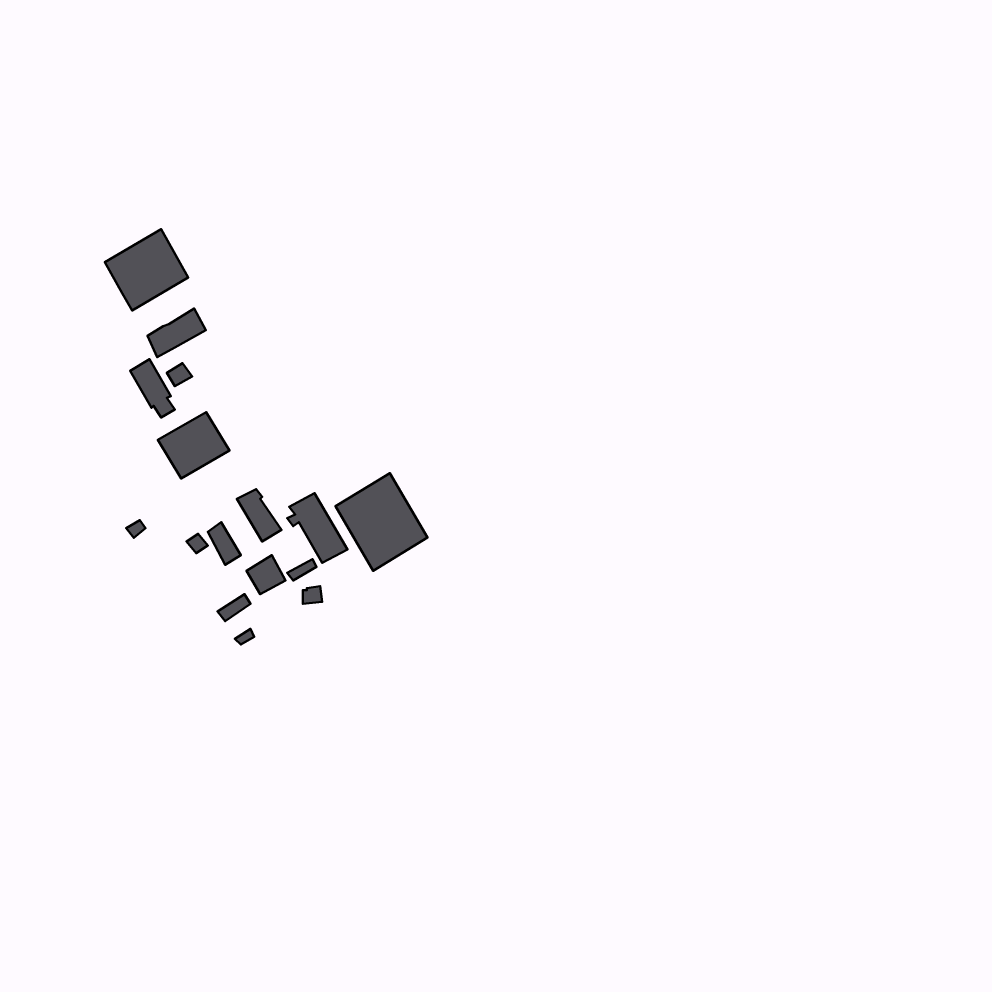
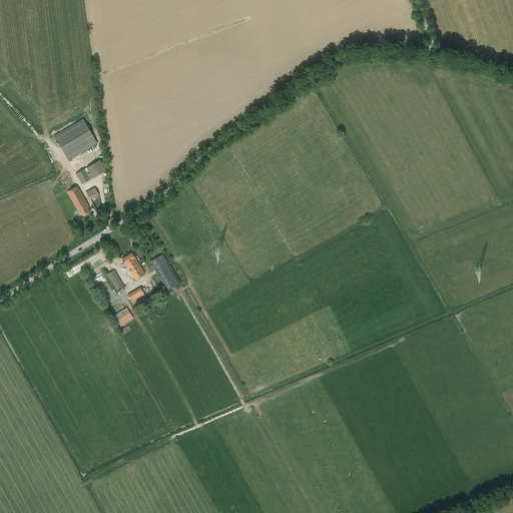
building: [158,412,230,478] -> none
building: [336,473,427,571] -> none

